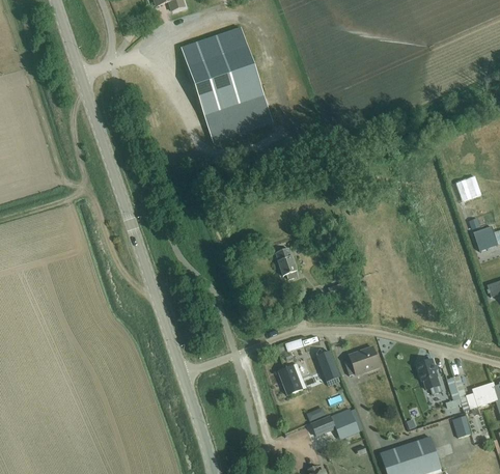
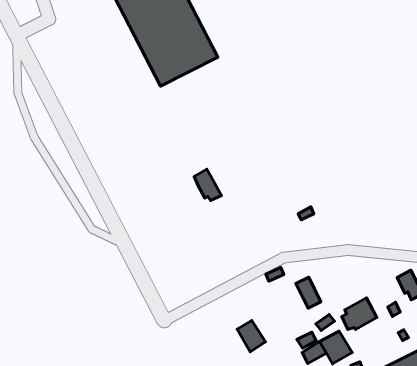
building: [275,247,299,278] -> [194,169,222,200]
building: [345,345,380,374] -> [342,298,377,329]
building: [278,364,304,394] -> [237,321,266,352]

